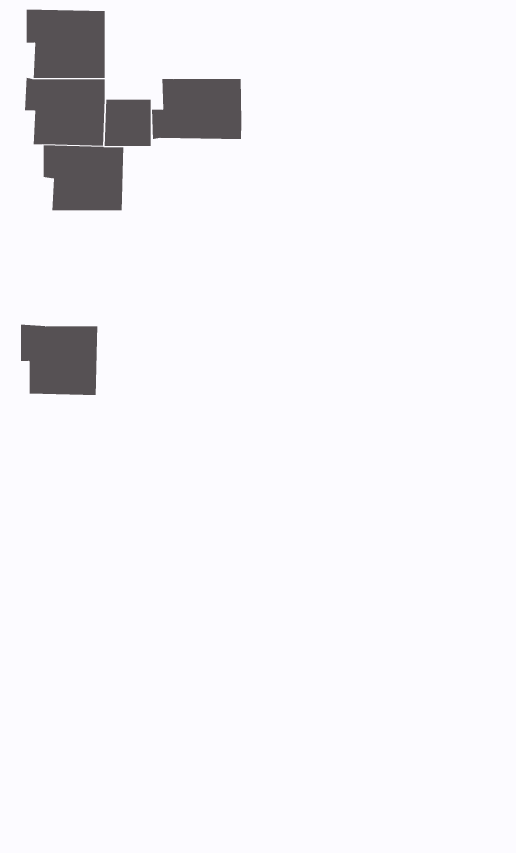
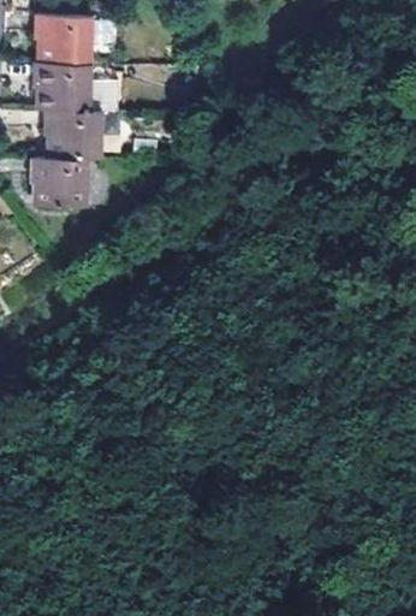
building: [151,78,242,140] -> none
building: [20,324,98,395] -> [32,158,88,208]

